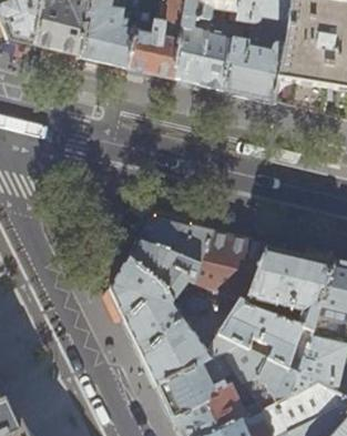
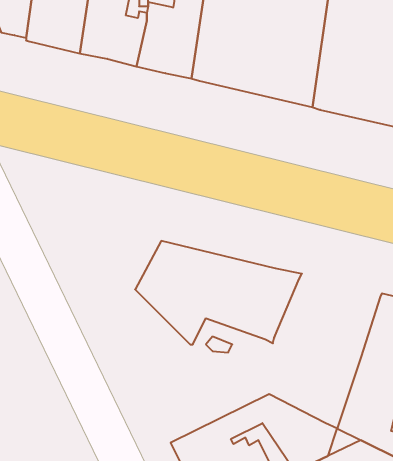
building: [245,247,335,314] -> none
building: [111,256,302,386] -> none

